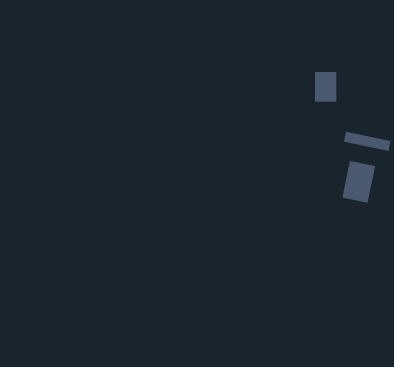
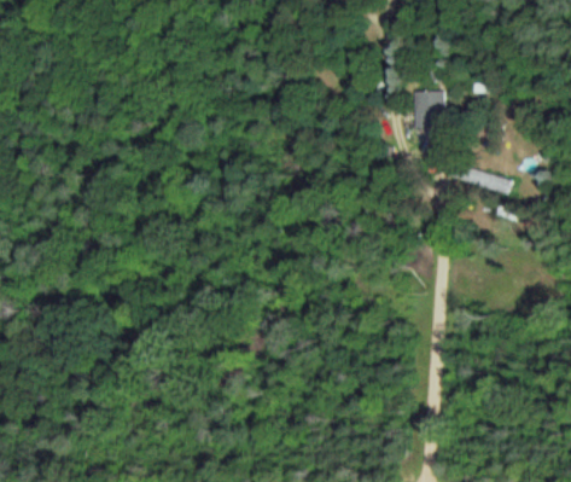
building: [342,160,376,204] -> none

